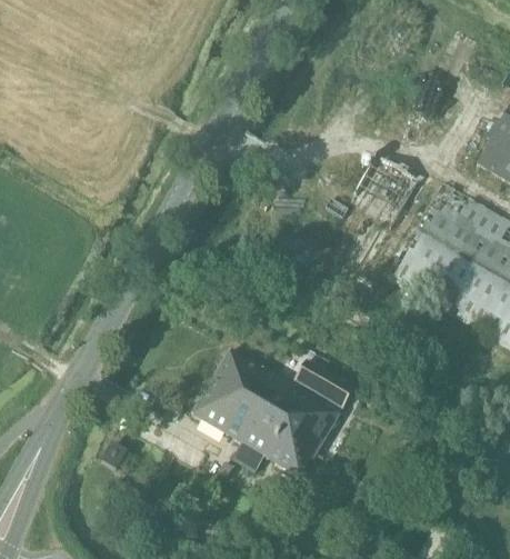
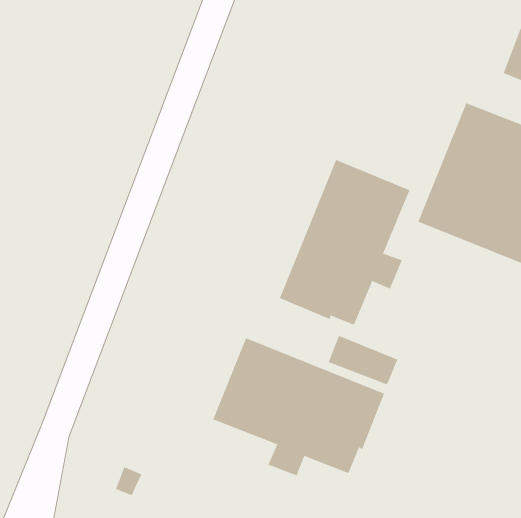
building: none -> [279,159,410,325]

